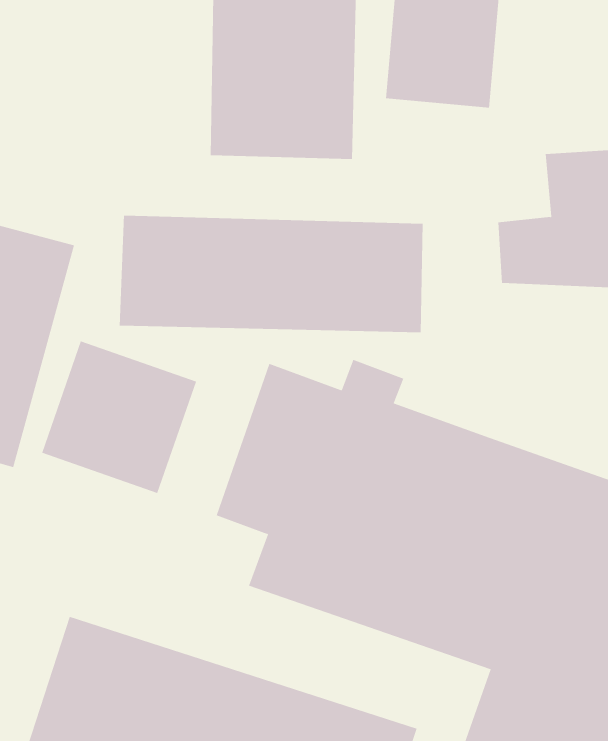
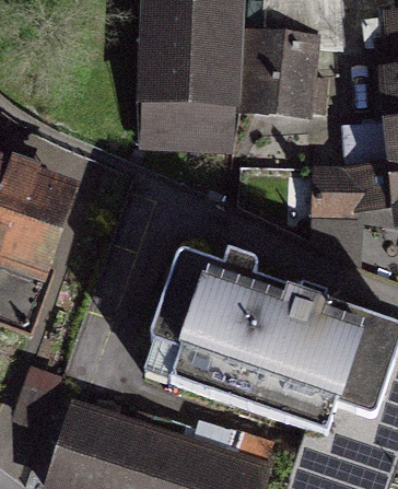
building: [119,215,423,333] -> none
building: [42,341,197,494] -> none

